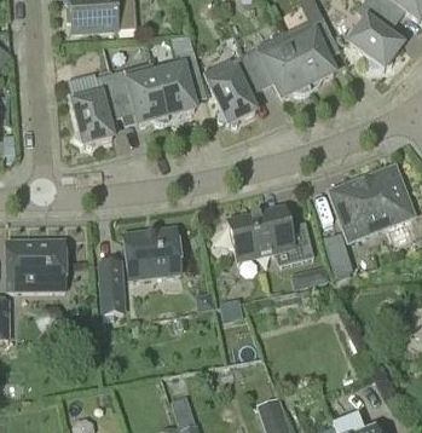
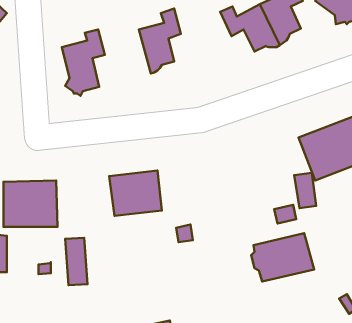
building: [210,53,258,123] -> none
building: [111,69,169,122] -> none
building: [226,207,295,260] -> [251,233,314,282]
building: [100,260,125,312] -> [65,238,87,285]

